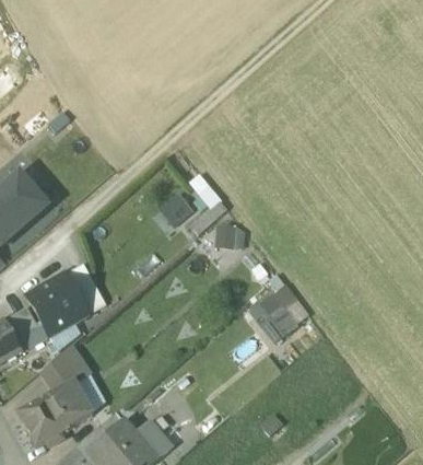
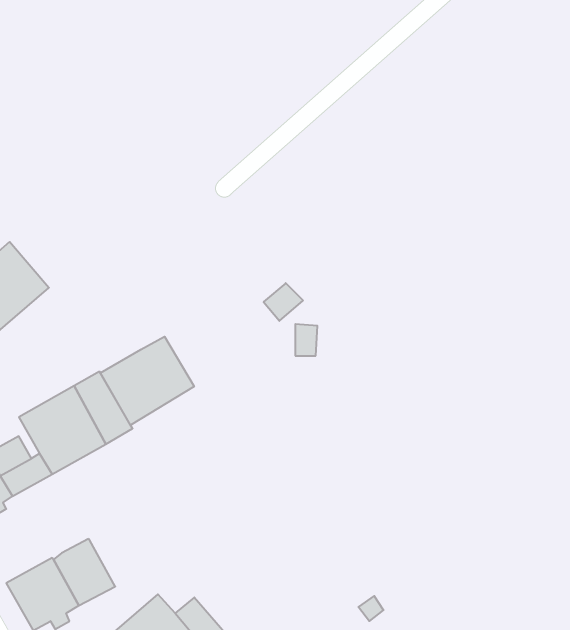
building: [160,188,196,223] -> none
building: none -> [101,337,194,425]
building: [260,295,299,336] -> none
building: [43,344,92,388] -> none

